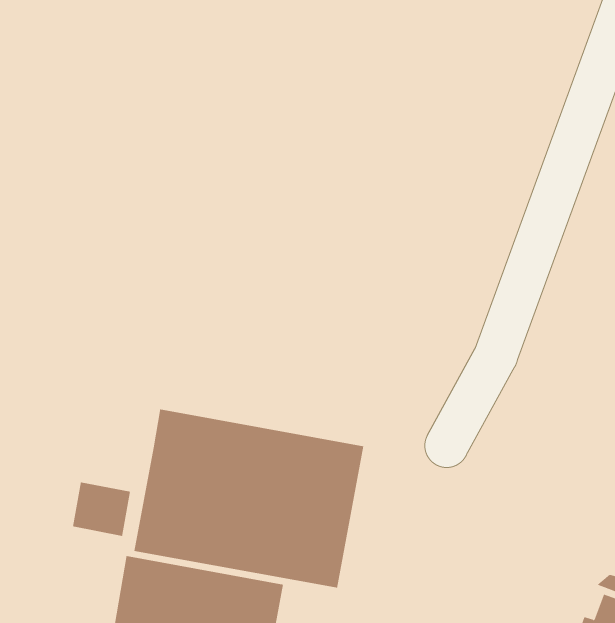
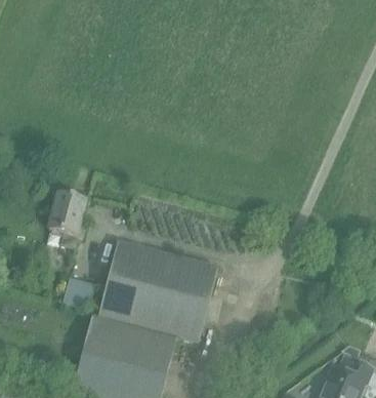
building: none -> [43,193,86,253]

